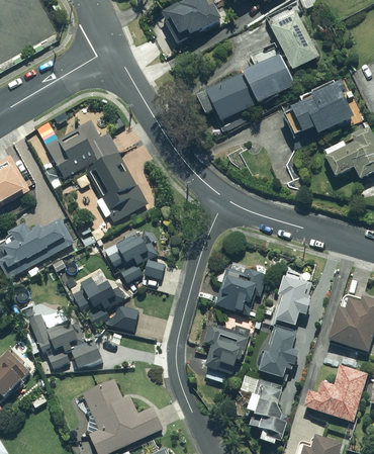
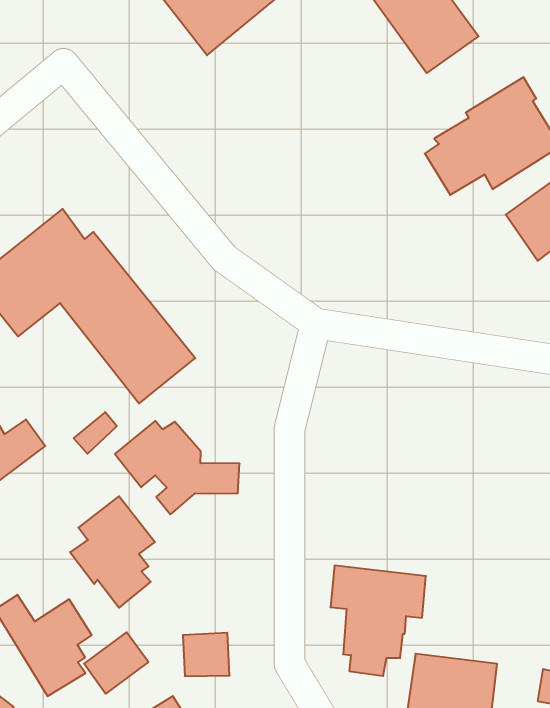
building: [200,55,296,126] -> none
building: [212,266,268,314] -> none
building: [253,270,312,379] -> none
building: [112,305,137,330] -> [183,633,230,676]

